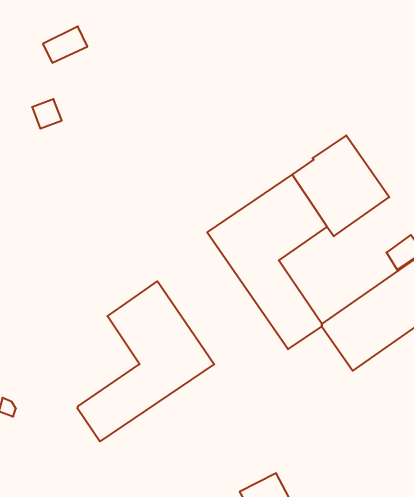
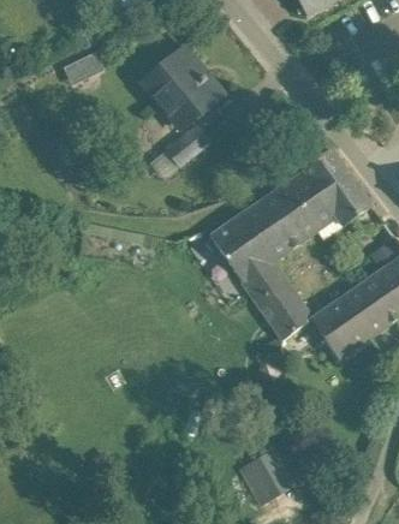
building: none -> [142,48,225,167]
building: [77,281,214,441] -> none

